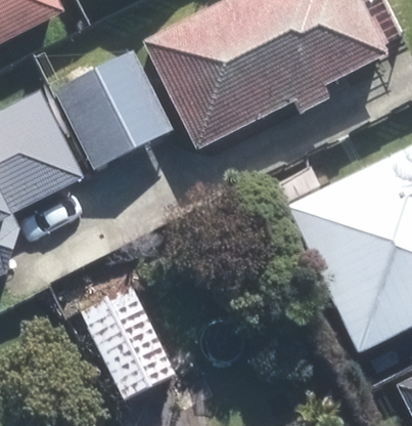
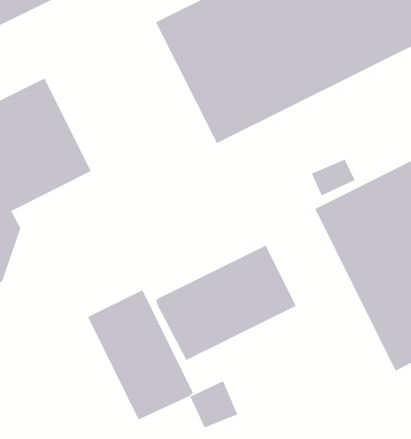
building: [54,48,173,167] -> none
building: none -> [155,245,296,361]

